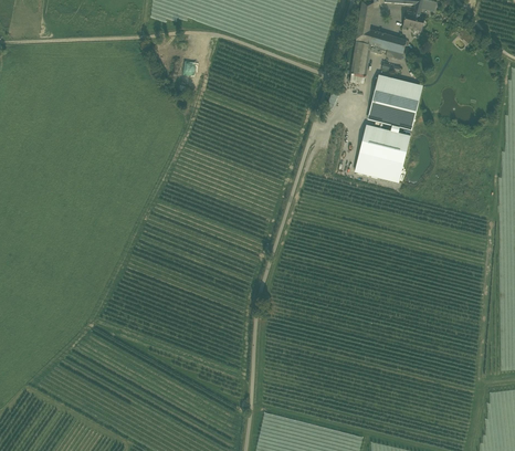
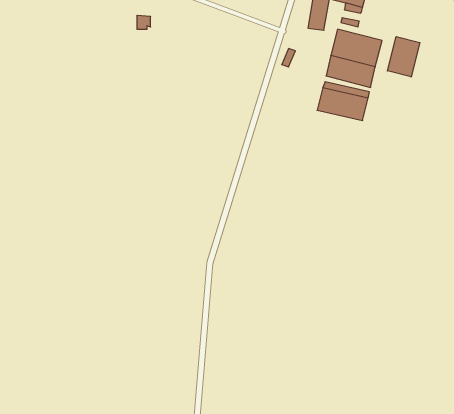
building: none -> [387,37,420,77]
building: [354,153,402,182] -> none

